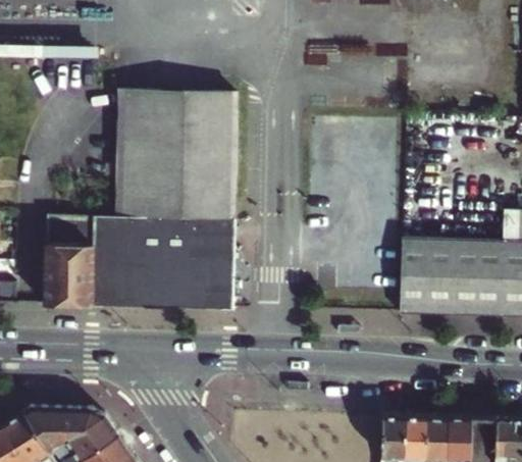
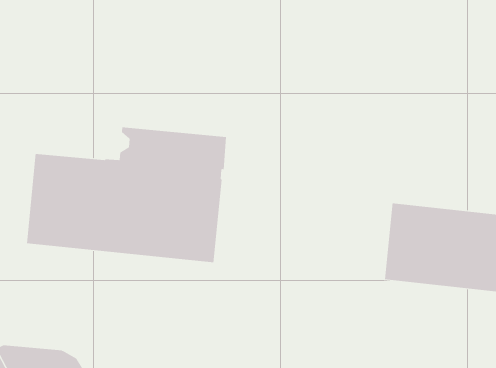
building: [115,89,237,185] -> none

